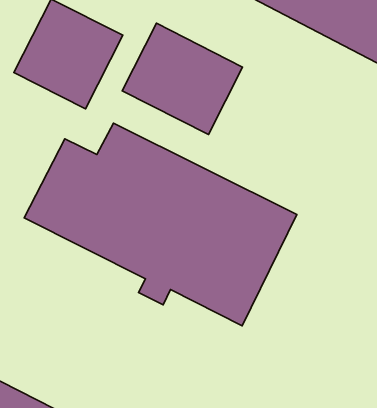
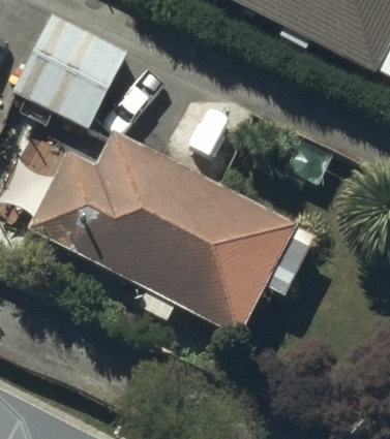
building: [122,23,243,135] -> none

